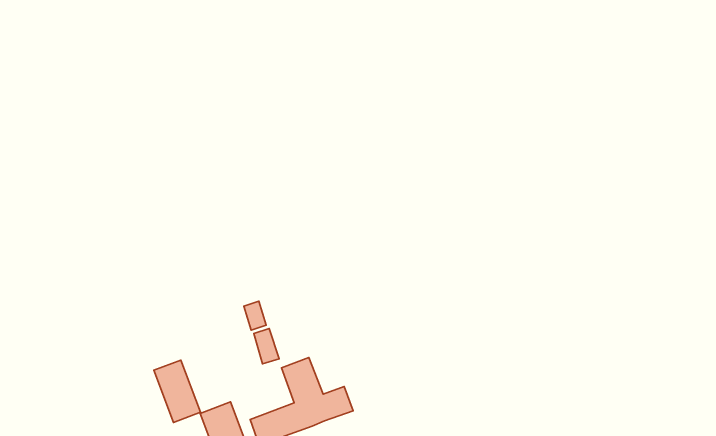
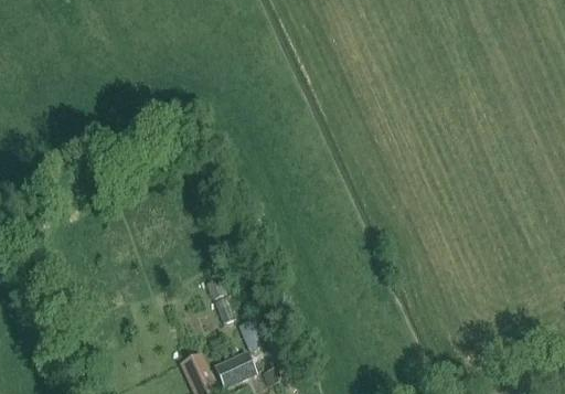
building: [154,360,200,422] -> none

